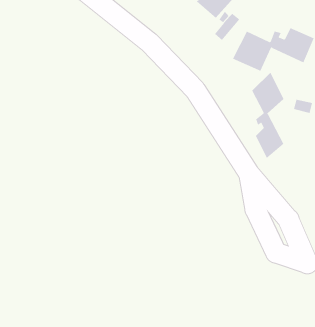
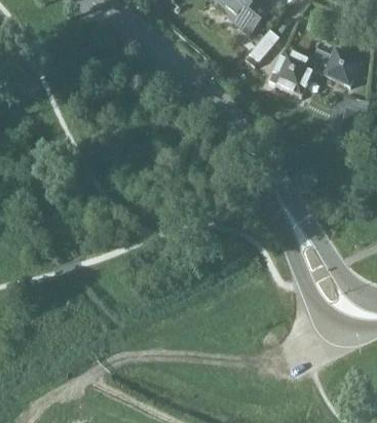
building: [251,72,284,159] -> none

